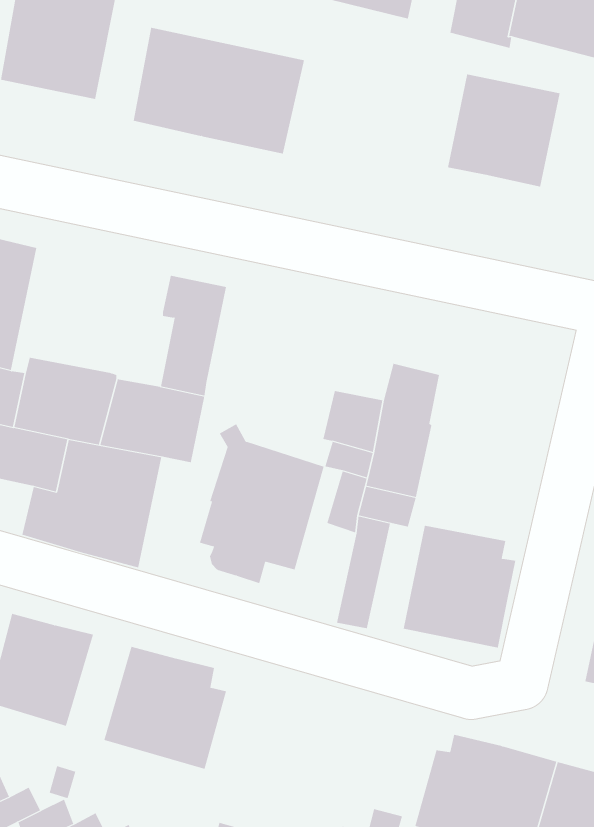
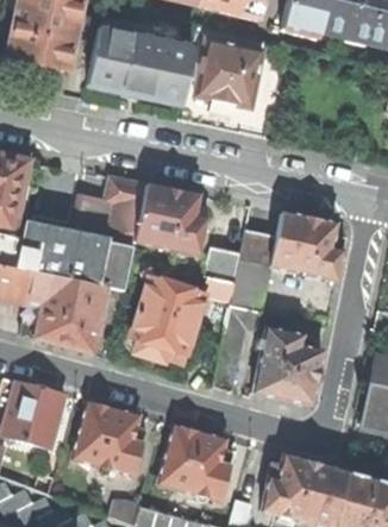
building: [447,74,561,187] -> [196,38,265,107]
building: none -> [134,183,211,255]
building: none -> [76,194,114,244]
building: none -> [270,212,345,282]
building: none -> [157,425,234,502]

